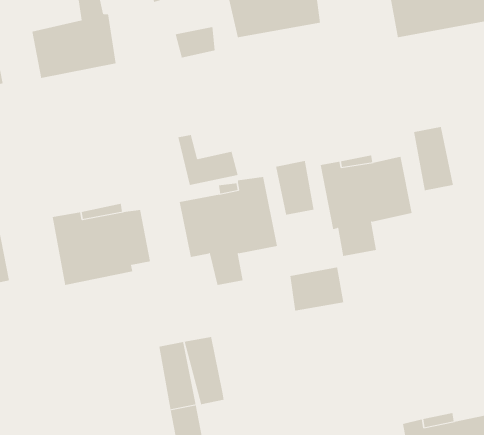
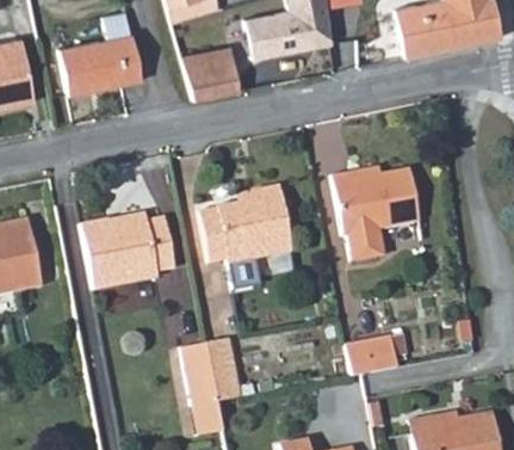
building: [413,126,454,191] -> none
building: [178,135,239,185] -> [184,53,241,100]
building: [275,160,314,216] -> none
building: [289,267,344,311] -> [347,334,398,376]

